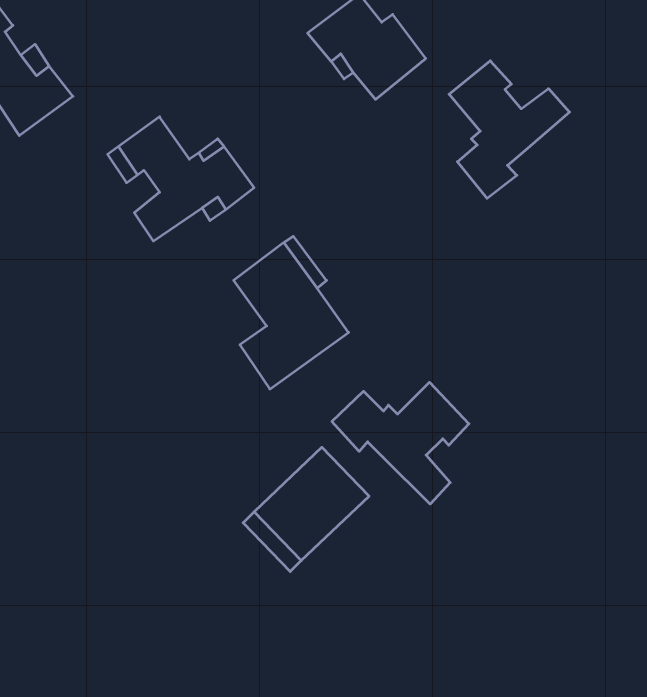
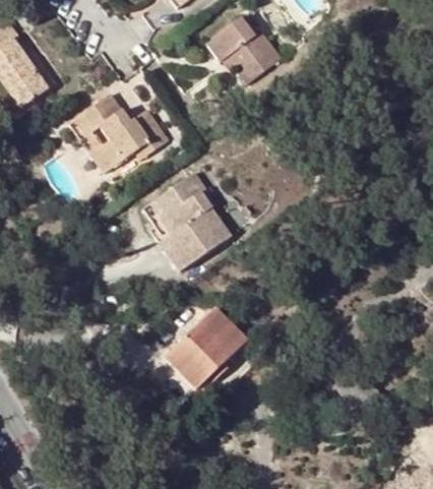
building: [449,61,570,198] -> none
building: [332,382,469,504] -> none

